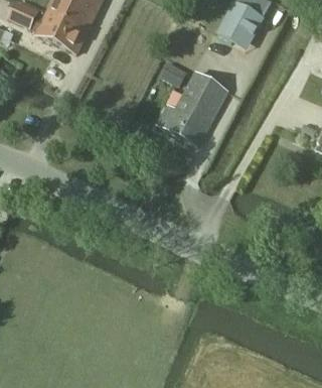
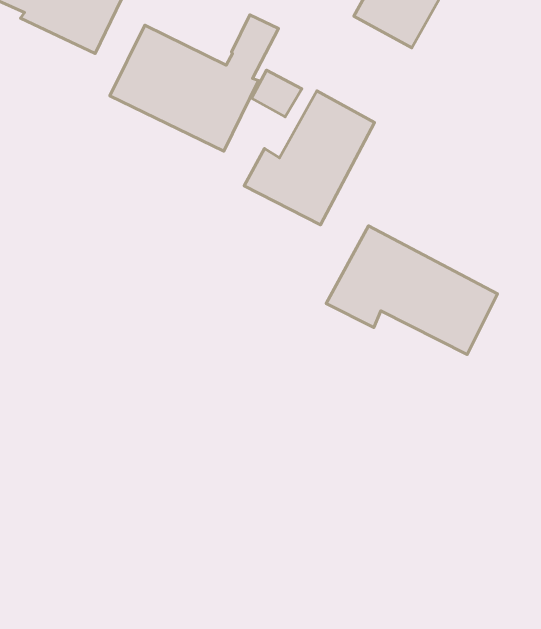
building: none -> [110,15,279,151]
building: none -> [326,226,497,354]

